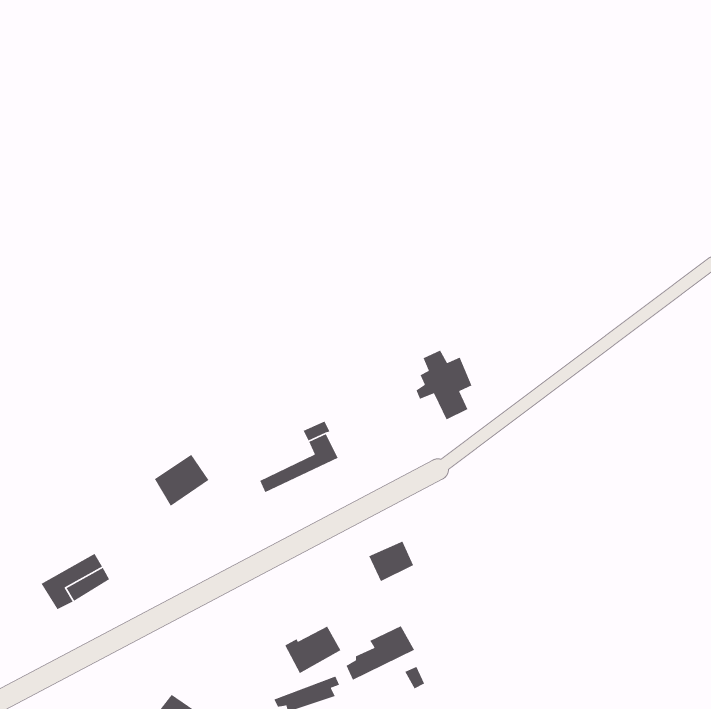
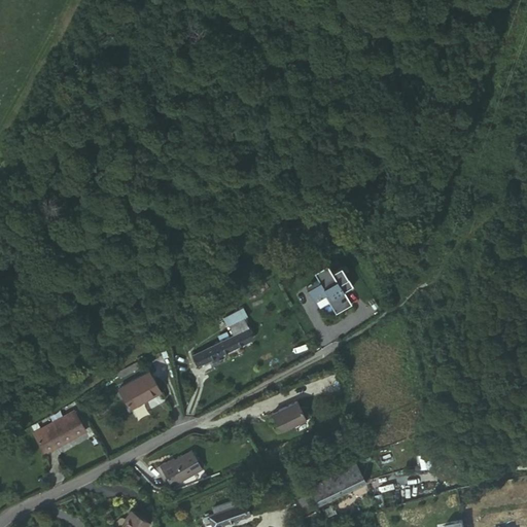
building: [154,454,210,507] -> [121,374,163,413]
building: [345,625,415,681] -> [315,465,366,506]
building: [284,626,341,674] -> [160,450,202,486]

